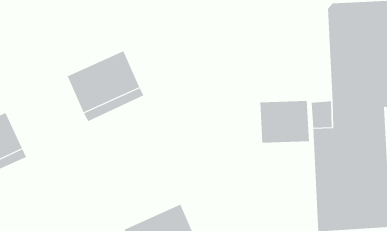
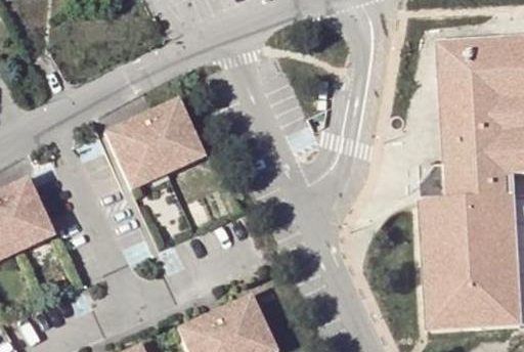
building: [260,100,309,144] -> none

